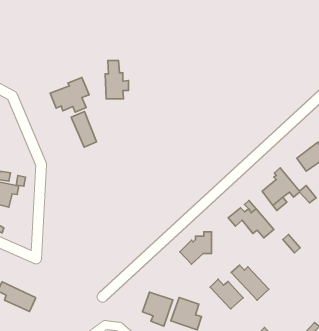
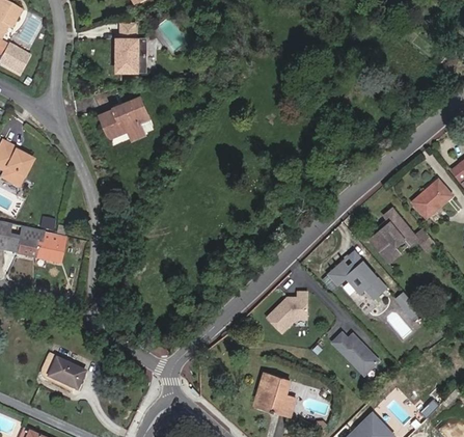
building: [105,61,128,99] -> [120,28,149,76]
building: [71,112,96,147] -> none
building: [210,279,243,309] -> none
building: [143,292,173,326] -> none

